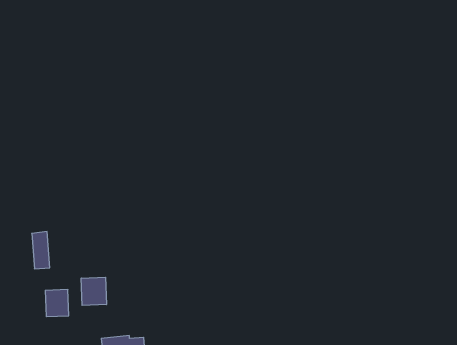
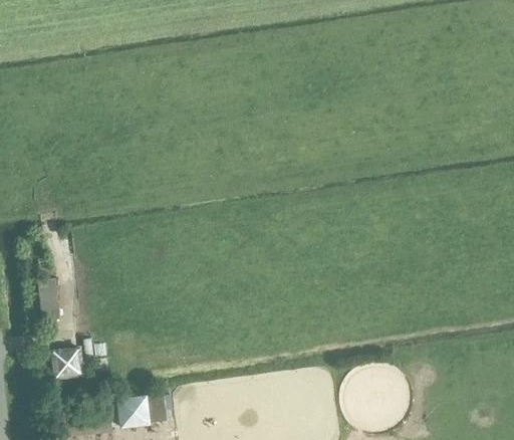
building: [81,277,106,305] -> none

